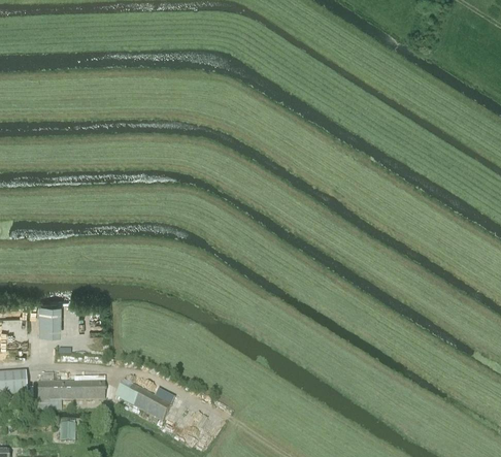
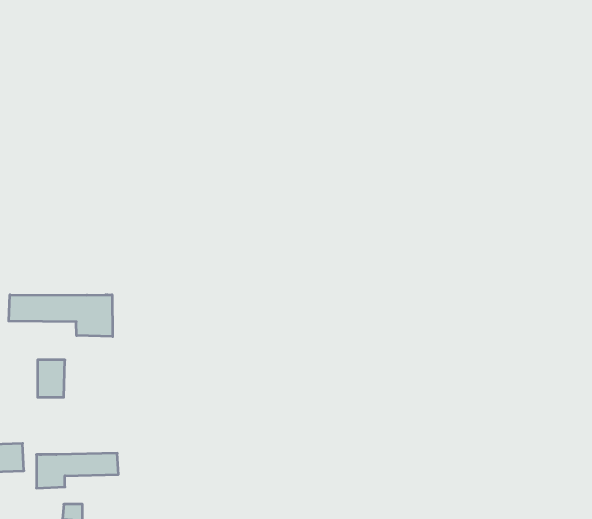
building: none -> [9,295,113,337]
building: [114,377,171,419] -> none

